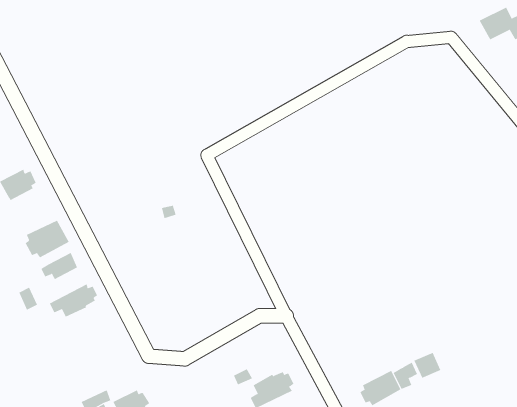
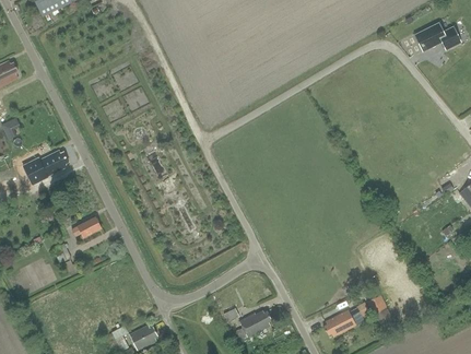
building: [25,220,70,258] -> none
building: [49,283,98,317] -> none

